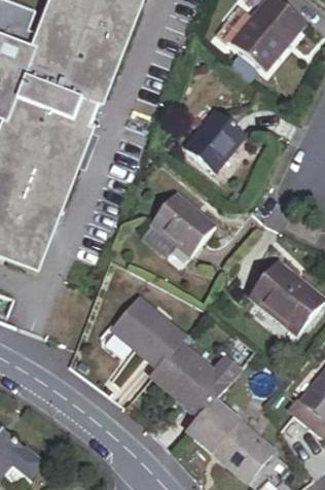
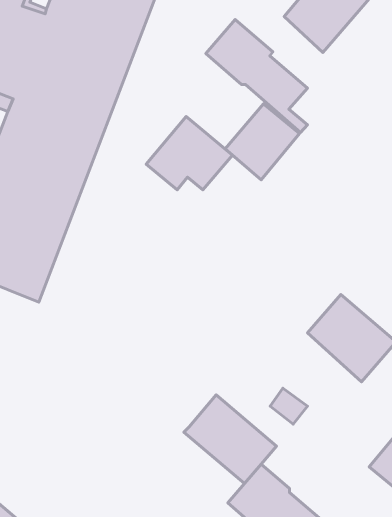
building: none -> [206,19,308,133]
building: [144,195,213,253] -> [146,117,232,190]
building: [113,299,183,369] -> none

